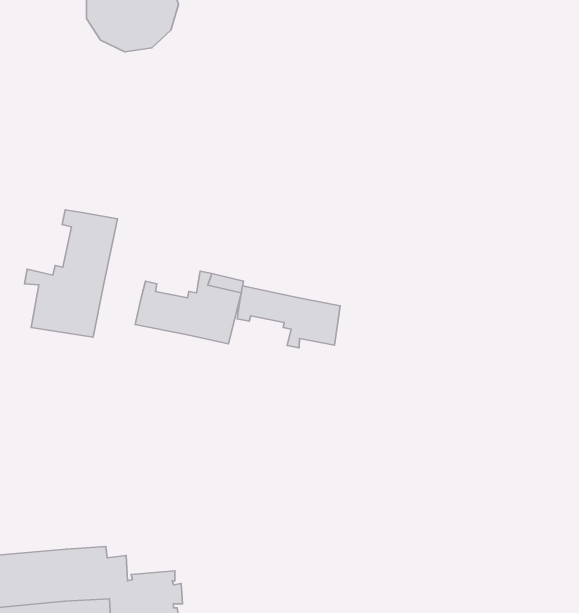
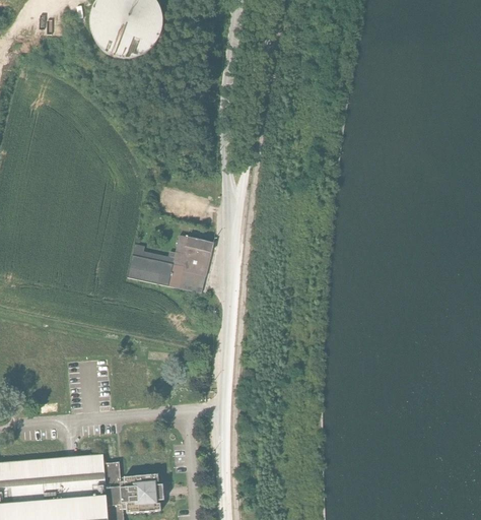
building: [24,210,118,337] -> none
building: [237,286,340,348] -> none

